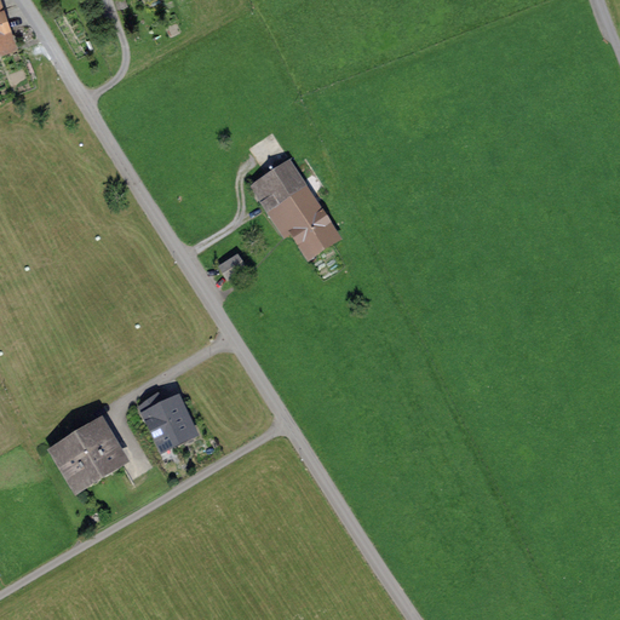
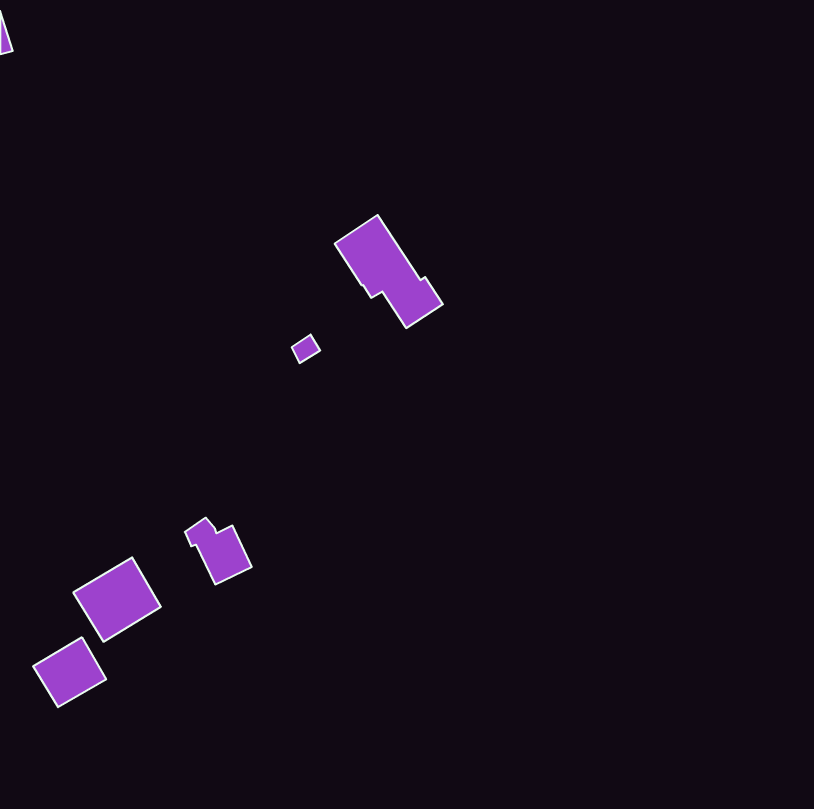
building: none -> [33,637,106,707]

